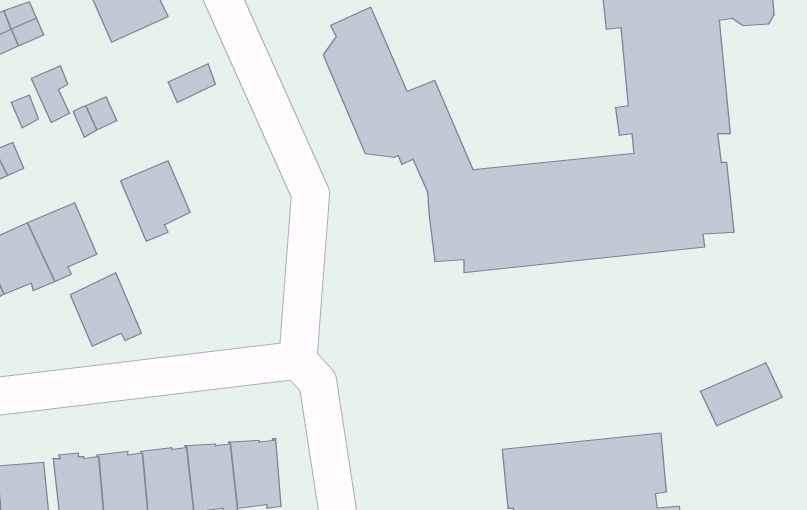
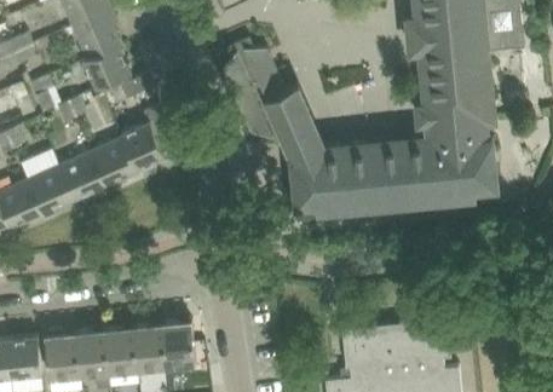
building: none -> [82,44,129,90]
building: none -> [120,105,165,173]
building: [70,273,141,346] -> [58,152,105,201]
building: [700,363,782,426] -> none

